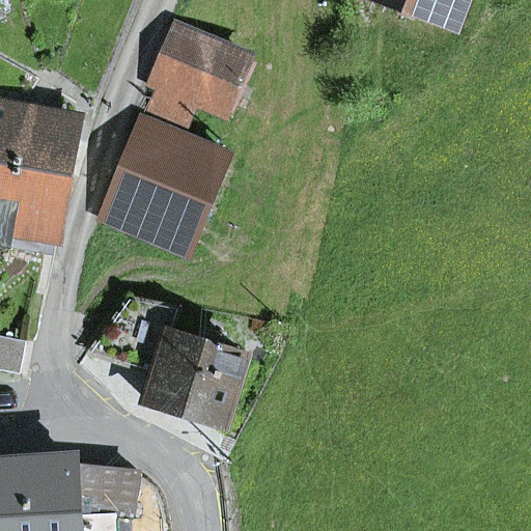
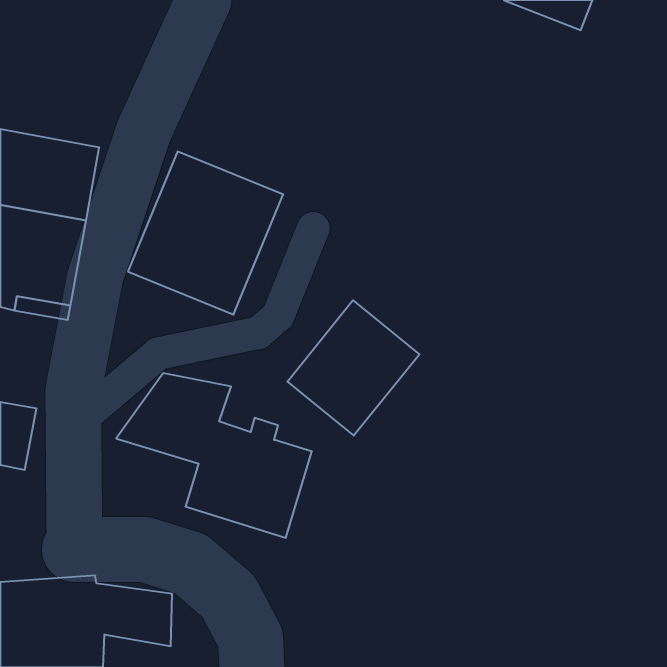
building: [147,27,249,128] -> none
building: none -> [287,300,419,436]

